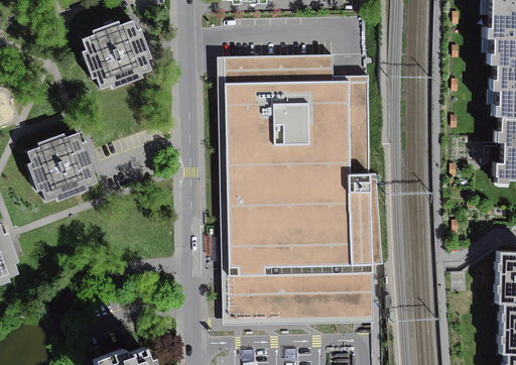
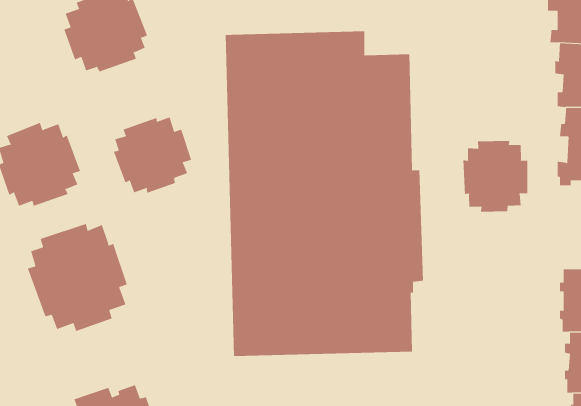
building: none -> [113,117,192,194]
building: none -> [463,140,528,212]
building: none -> [27,223,128,332]

